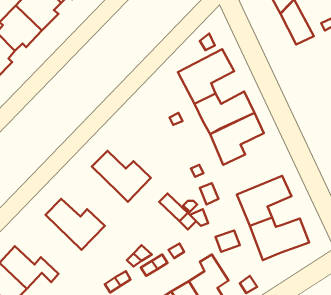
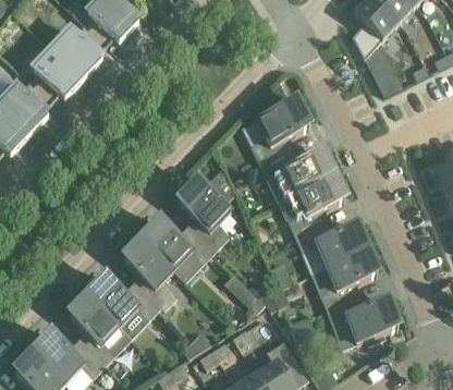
building: none -> [177,179,230,251]
building: none -> [296,223,366,270]
building: none -> [123,237,175,307]
building: none -> [69,294,130,364]

